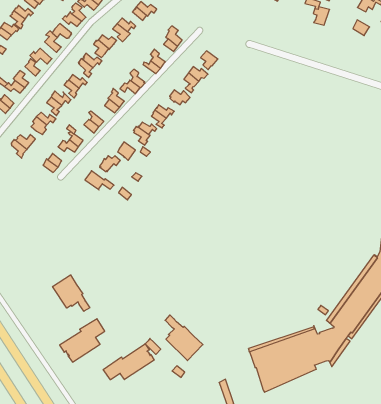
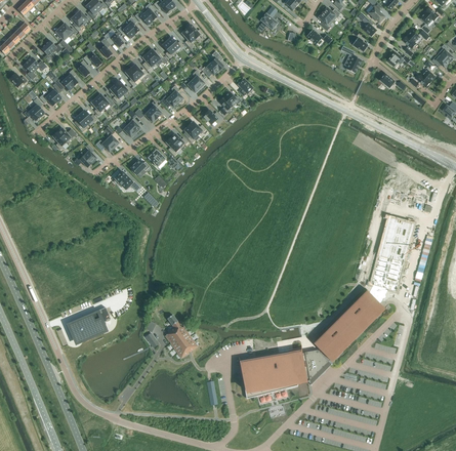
building: [53,275,90,311] -> none
building: [103,344,154,380] -> none

